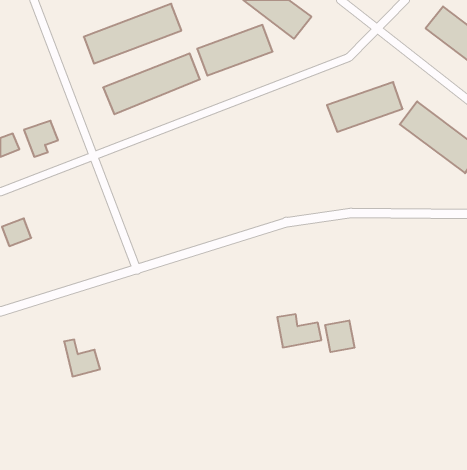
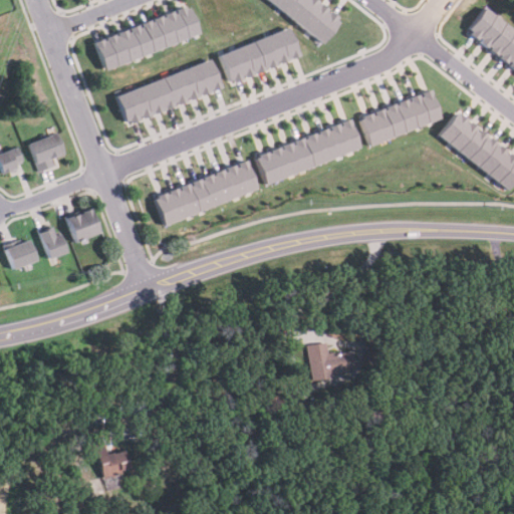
building: none -> [257,118,363,185]
building: none -> [155,162,261,224]
building: none -> [66,209,100,243]
building: none -> [40,228,67,258]
building: [325,320,354,352] -> none
building: [64,340,100,376] -> [91,440,131,480]

